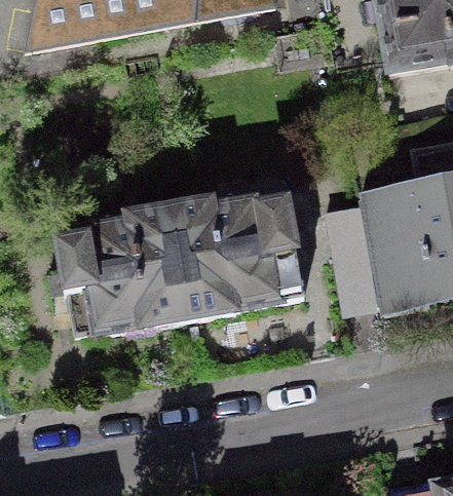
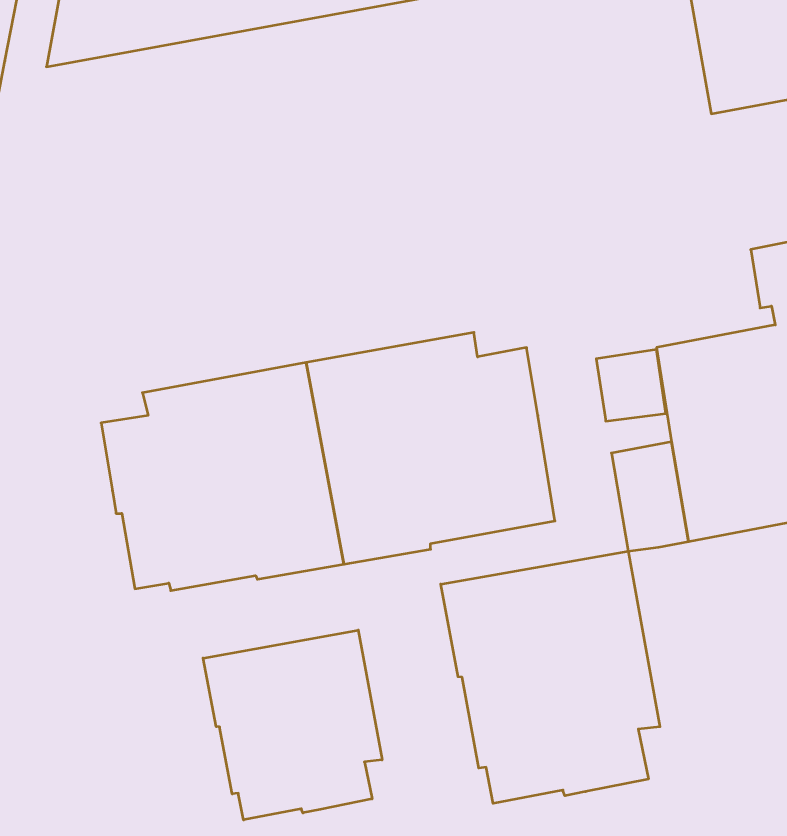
building: none -> [441,551,660,803]
building: none -> [203,630,382,820]

